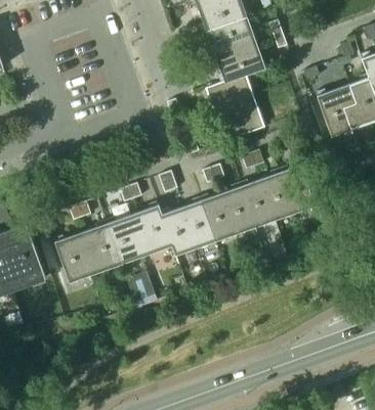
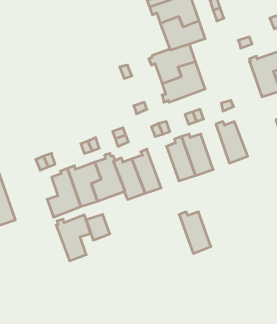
building: [260,168,293,220] -> none
building: [198,193,235,241] -> [179,212,211,253]
building: [54,229,94,282] -> [56,215,91,261]

